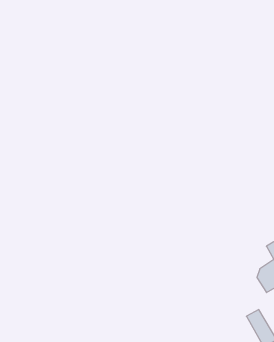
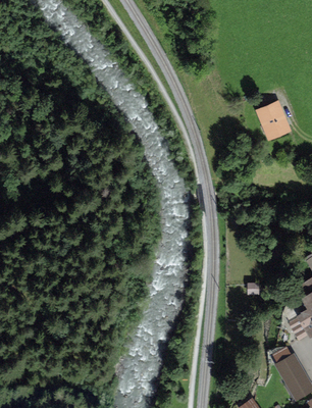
building: none -> [261,105,287,134]

